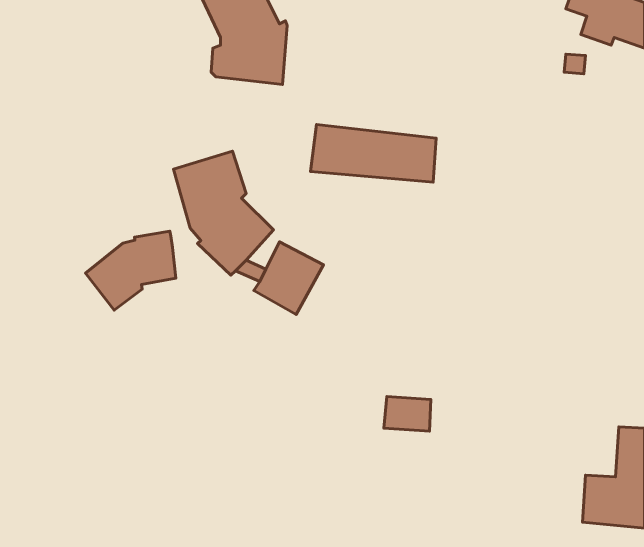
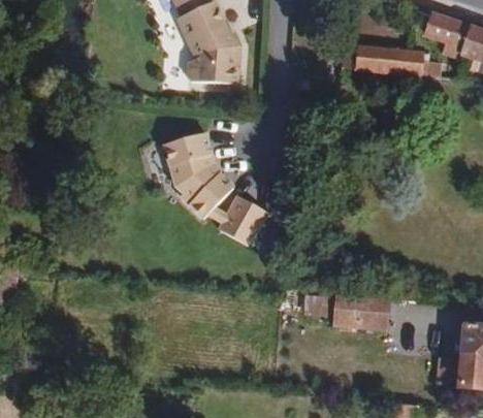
building: [310,124,436,182] -> [341,37,426,76]
building: [85,231,176,310] -> none
building: none -> [334,298,388,334]

